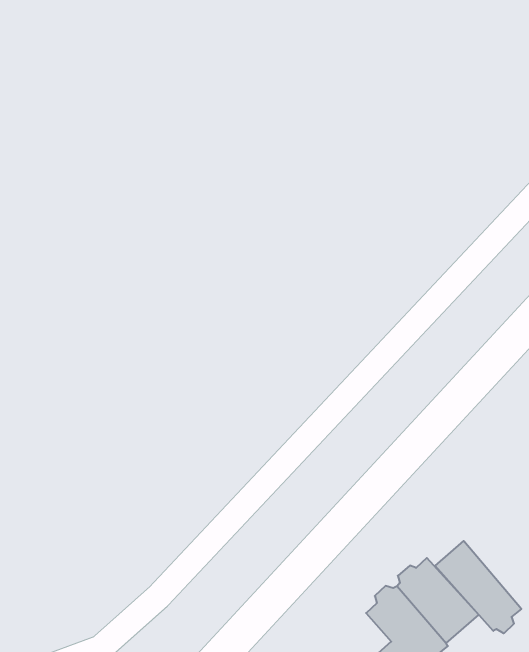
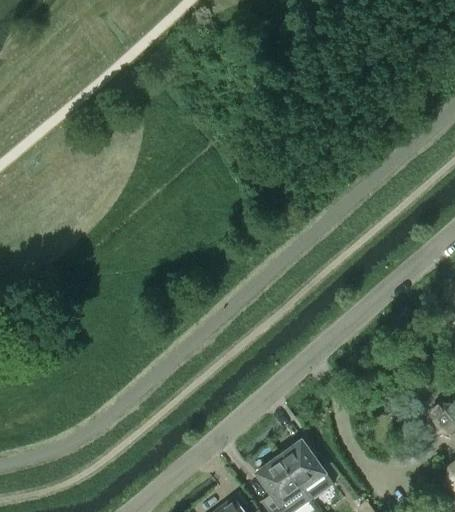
building: [435,541,521,633] -> none

